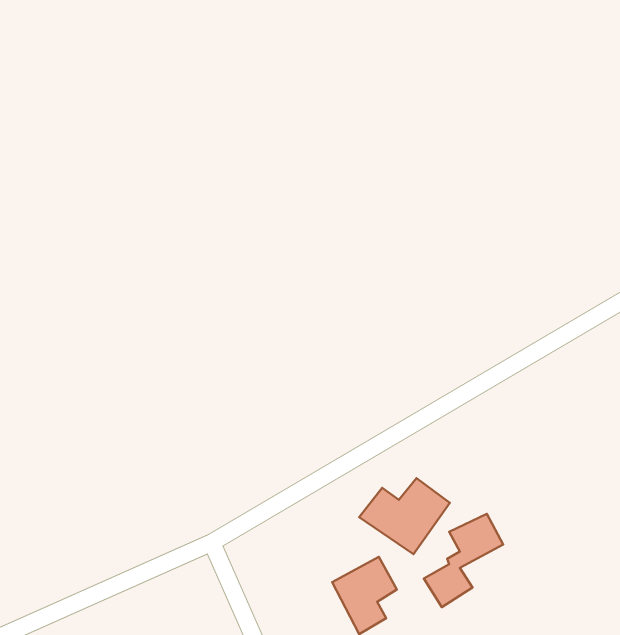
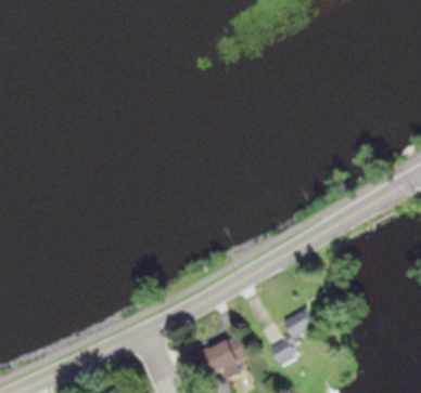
building: [359,478,450,554] -> none

